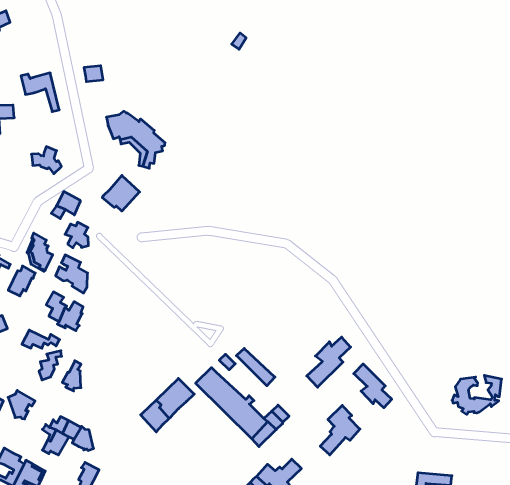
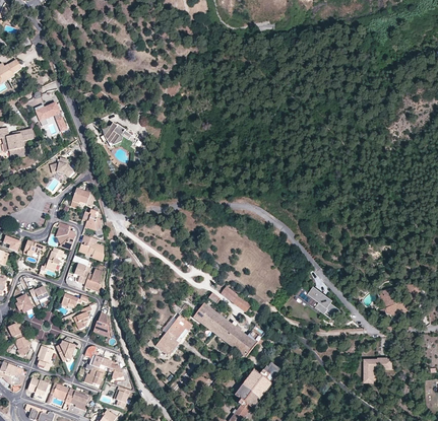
building: [102,175,140,211] -> none
building: [307,337,351,387] -> none
building: [320,405,360,455] -> none

